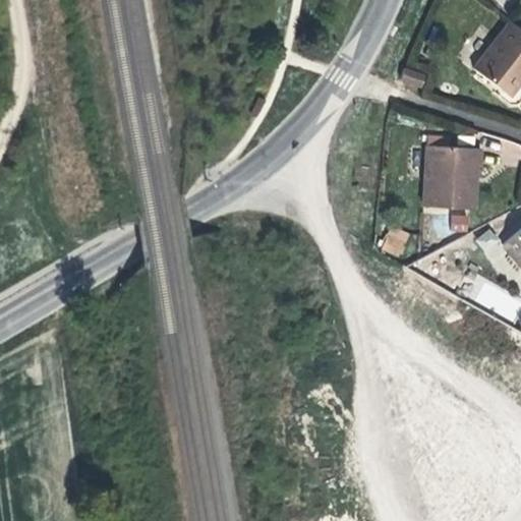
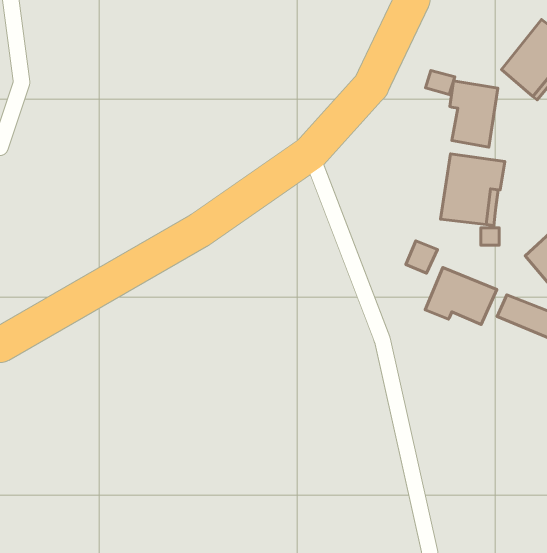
building: none -> [450,81,498,147]
building: none -> [425,267,497,325]

